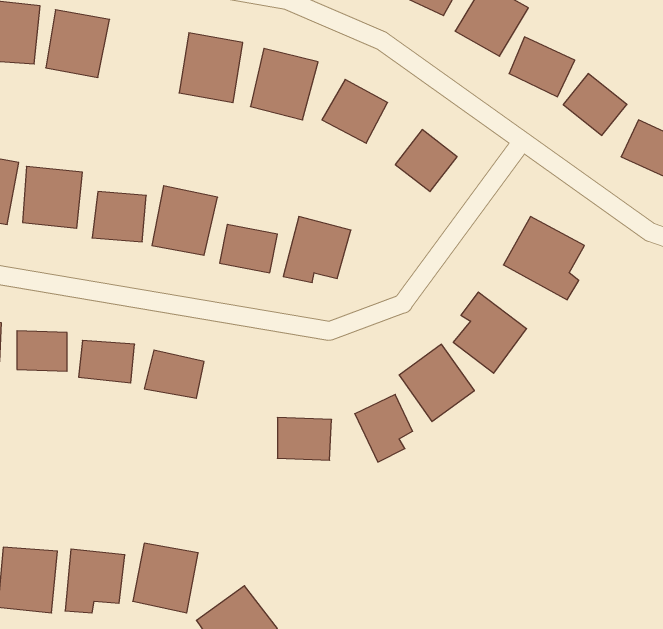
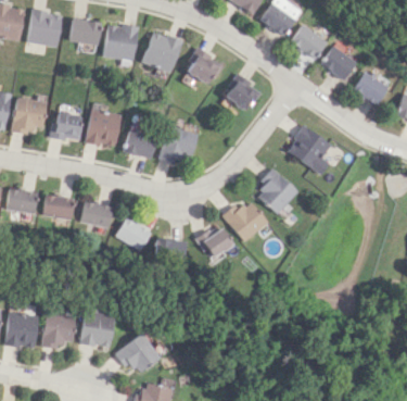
building: none -> [69,17,102,46]
building: none -> [119,217,155,250]

